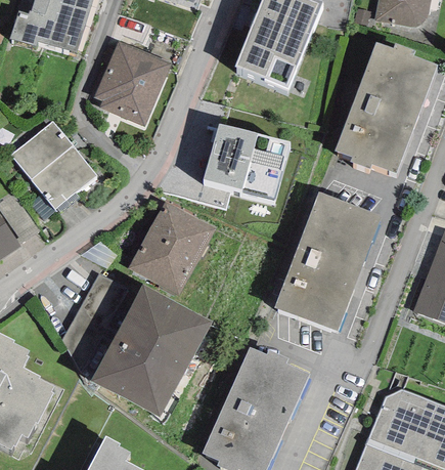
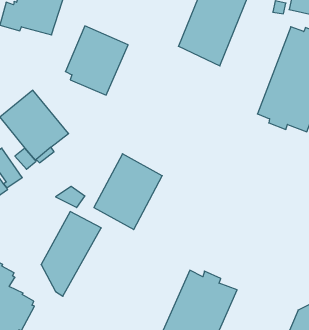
building: [203,122,291,200] -> none
building: [275,191,381,331] -> none
building: [90,285,213,417] -> none

